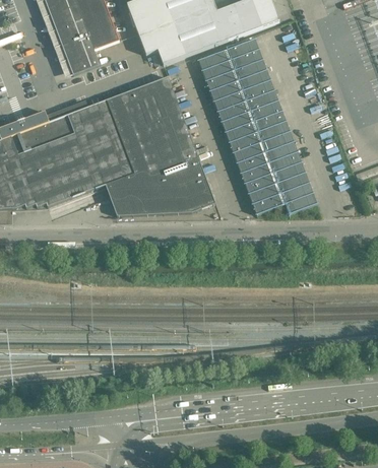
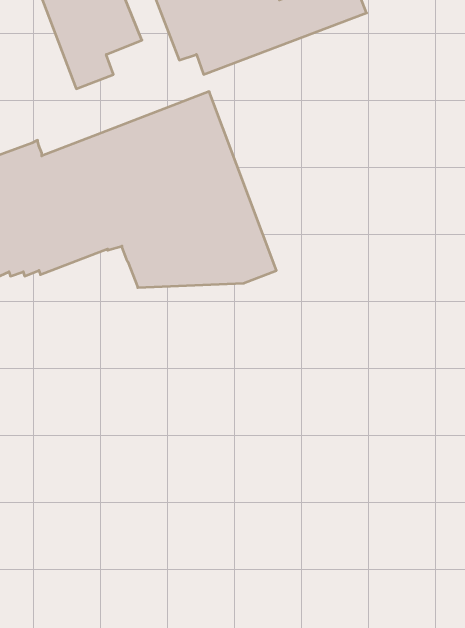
building: [198,39,316,214] -> none

